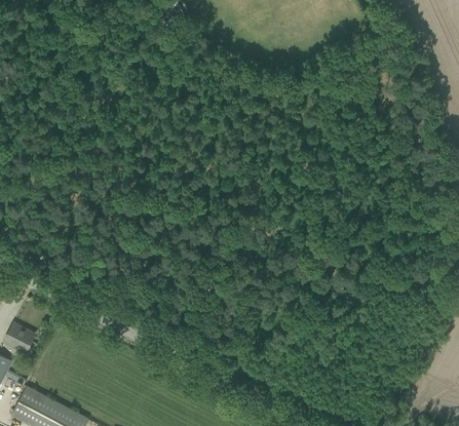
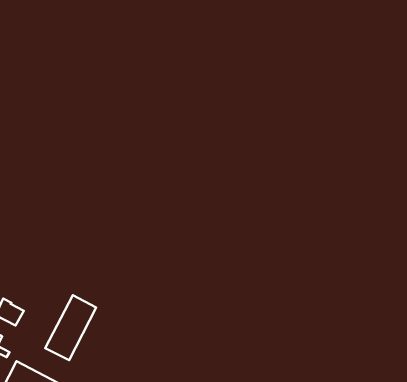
building: none -> [45,295,96,360]

